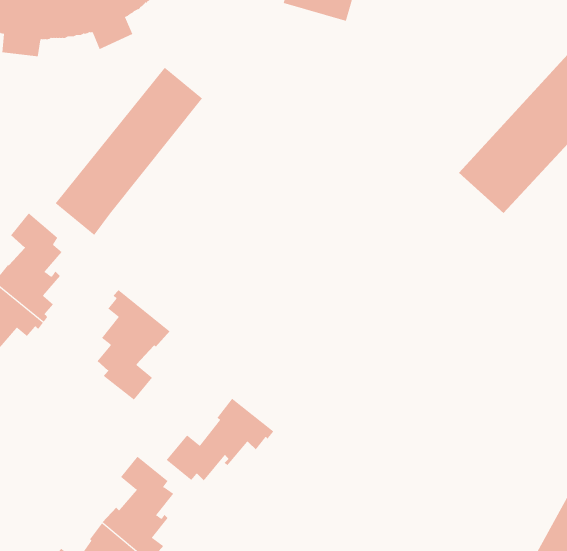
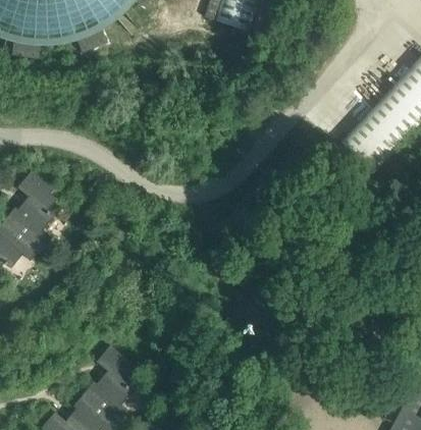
building: [55,67,203,236] -> none
building: [97,289,171,401] -> none
building: [166,398,274,481] -> none

